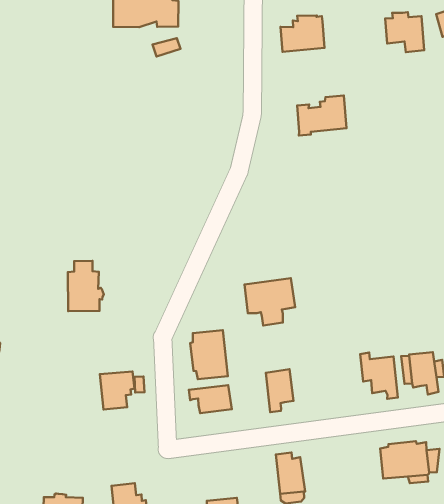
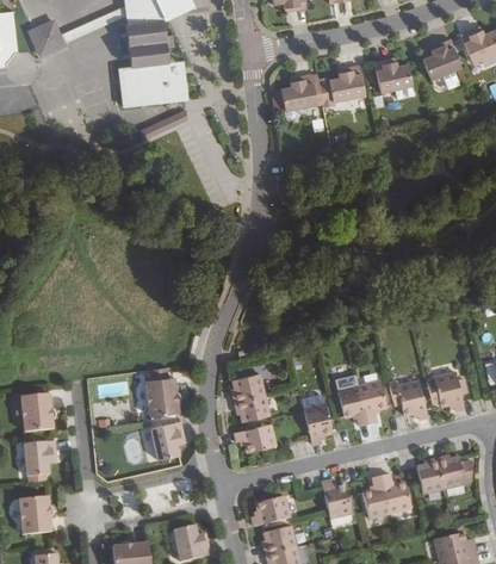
building: [297,95,346,136] -> [317,64,365,106]
building: [68,261,104,311] -> [145,367,181,416]
building: [245,278,295,326] -> [337,379,386,426]
building: none -> [361,472,410,517]
building: none -> [250,495,289,526]

